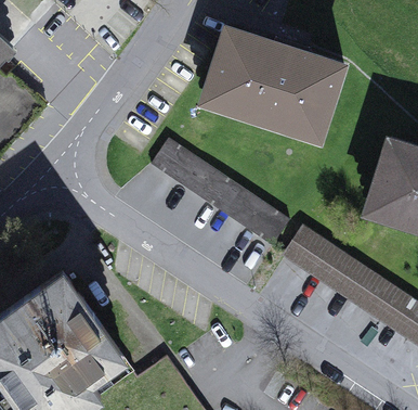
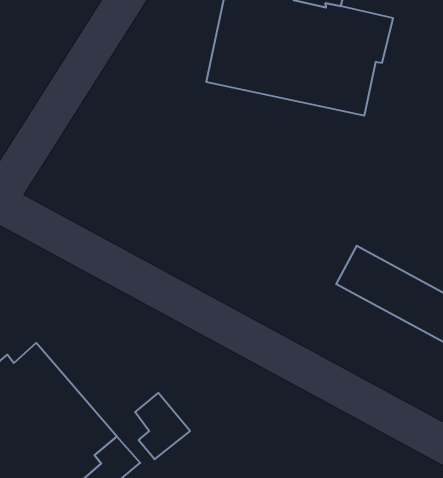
building: [151,138,289,245] -> none
building: none -> [135,393,190,459]

